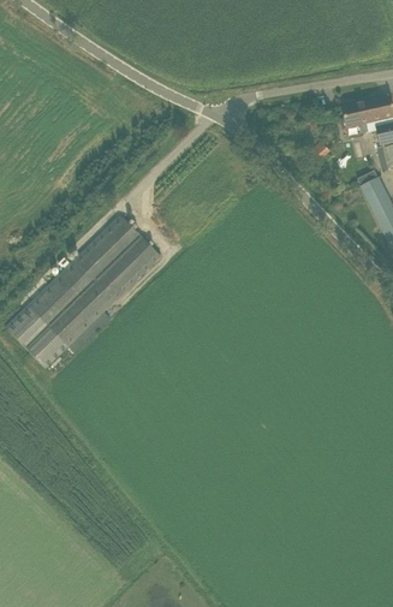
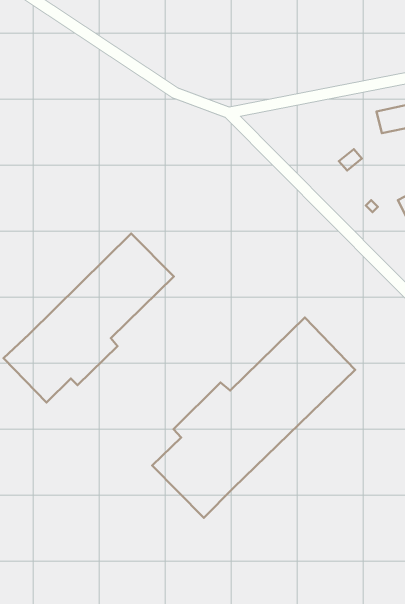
building: none -> [152,317,355,518]

